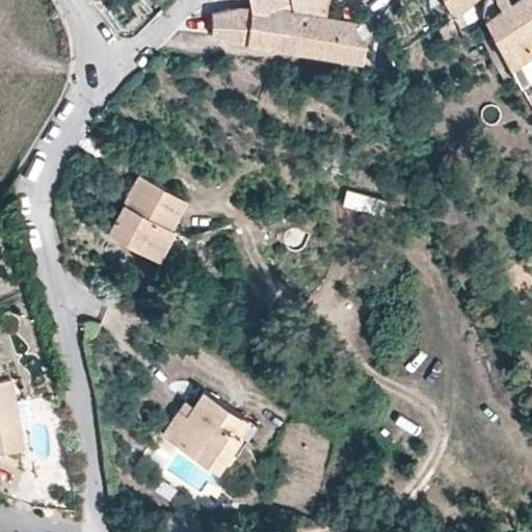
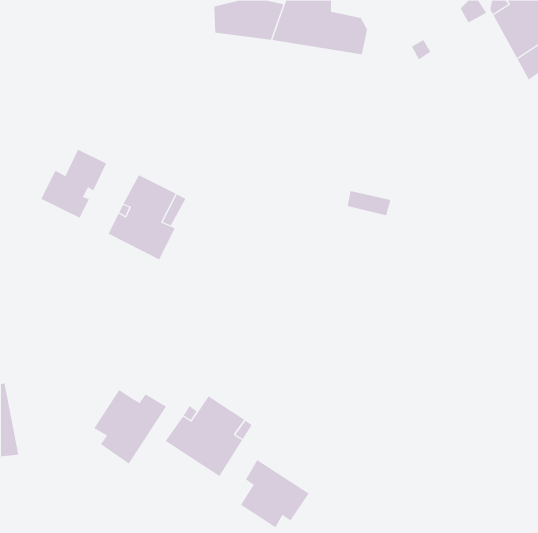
building: none -> [41,149,107,218]
building: none -> [93,389,167,464]
building: none -> [240,459,310,528]

